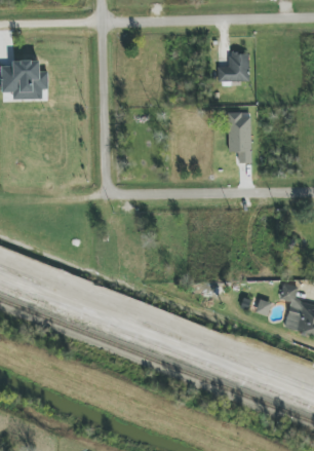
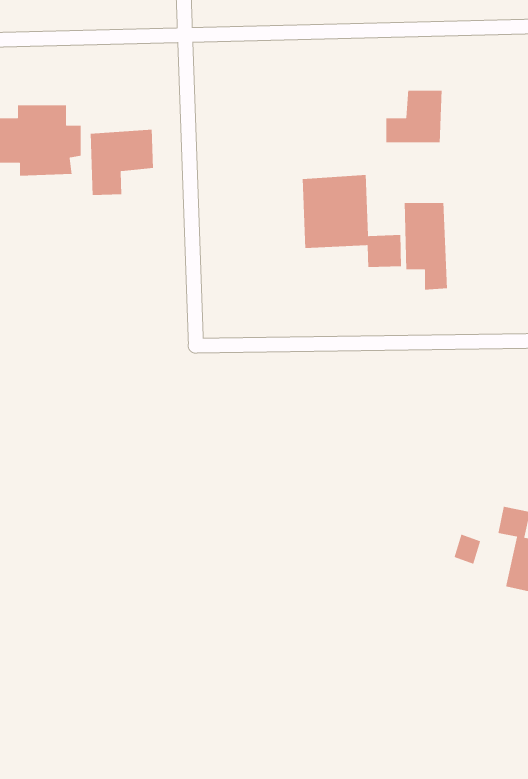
building: none -> [90,129,154,196]
building: none -> [302,174,402,268]

